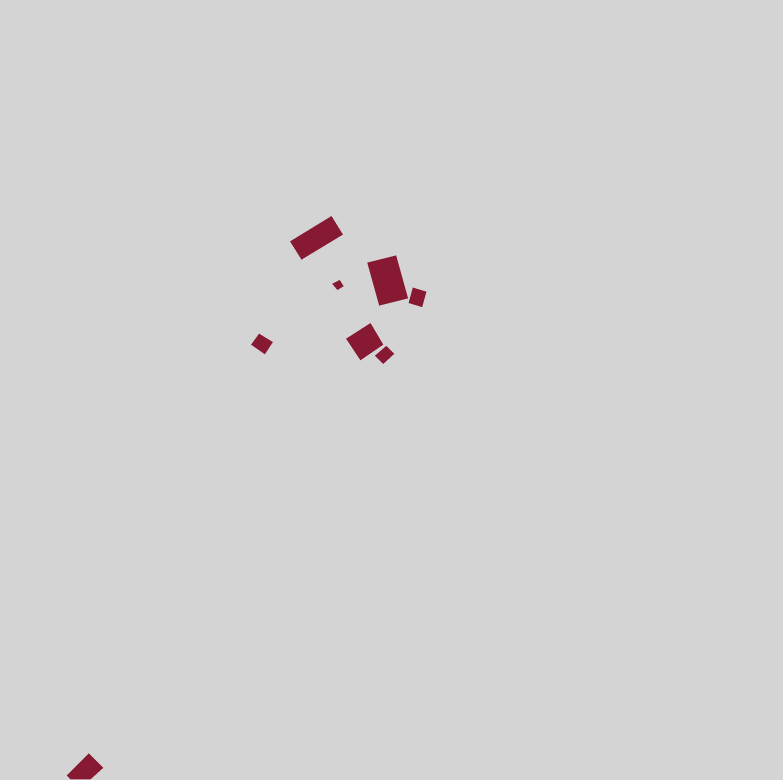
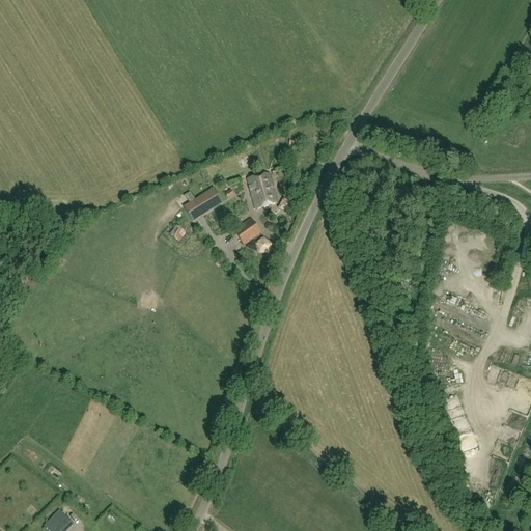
building: [289,215,344,261] -> [185,188,222,219]

